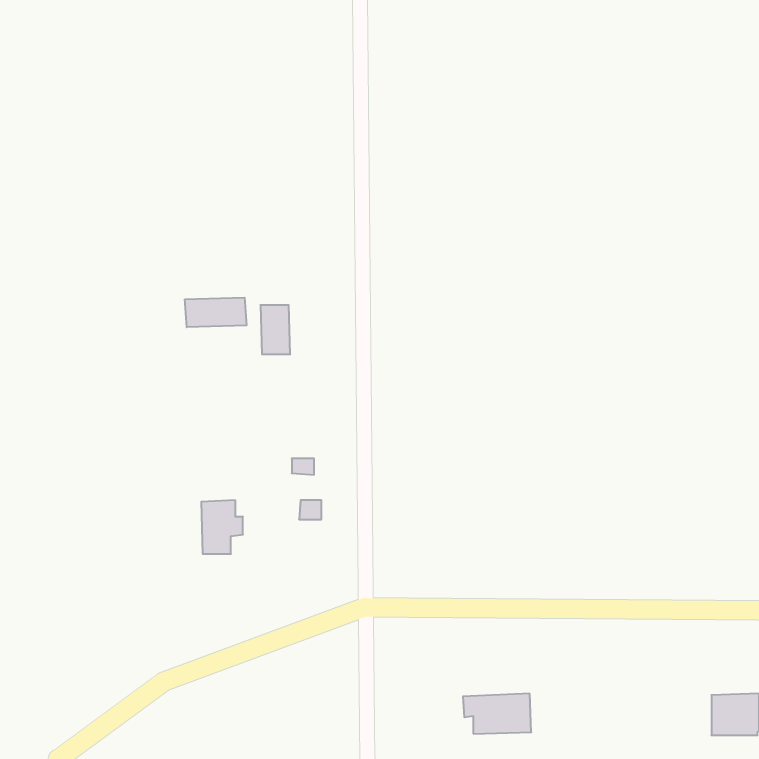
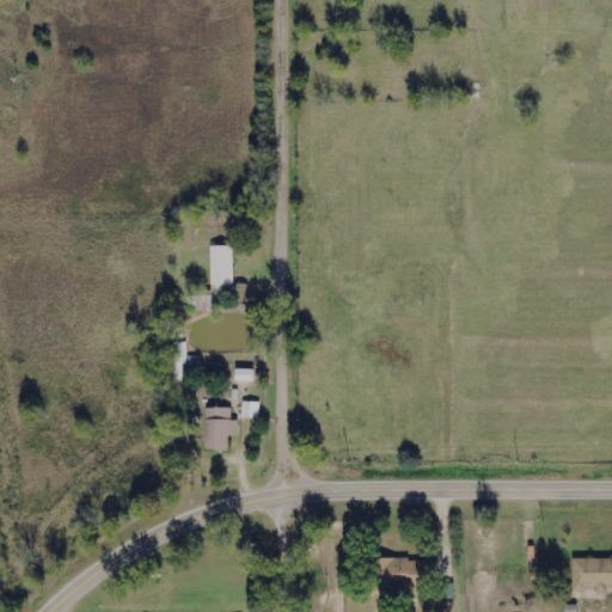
building: [185,298,246,327] -> none
building: [201,500,243,554] -> [203,406,237,449]

